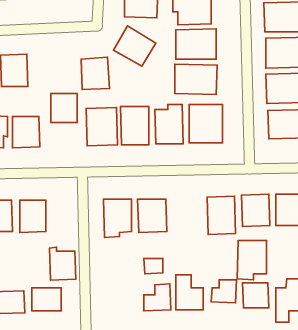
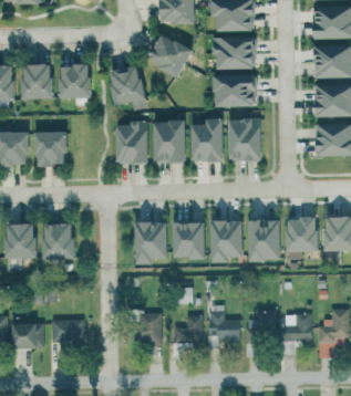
building: [51,93,77,123] -> [58,65,86,97]
building: [237,240,267,280] -> [208,220,240,263]
building: [49,247,76,280] -> [137,309,166,345]

